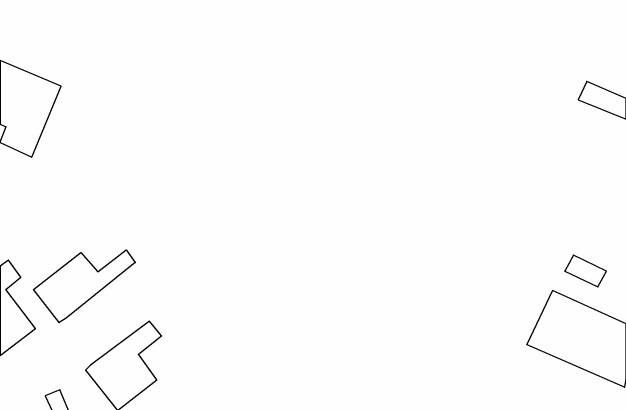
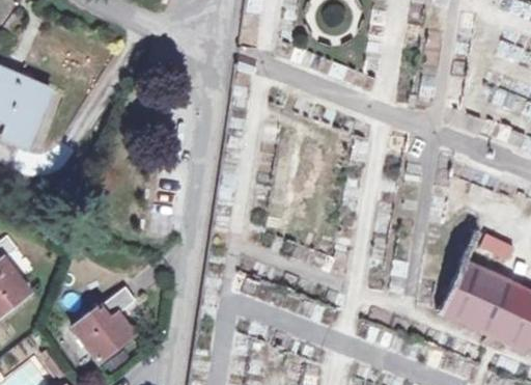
building: [34,250,135,323] -> none

